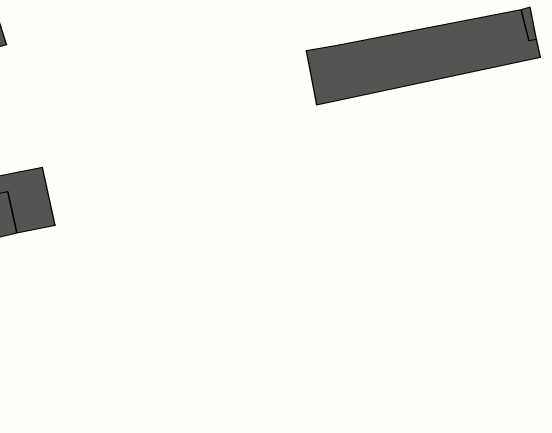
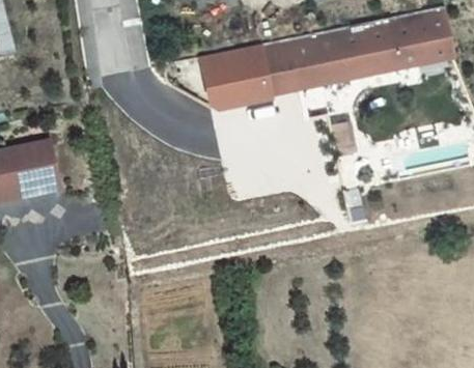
building: none -> [204,40,284,107]

